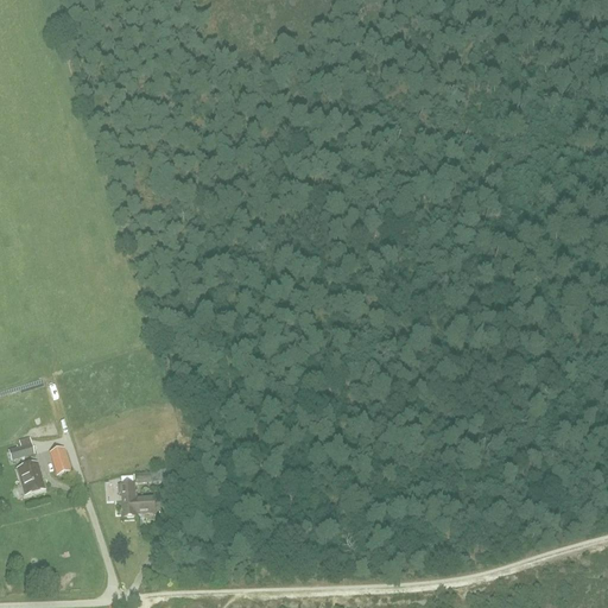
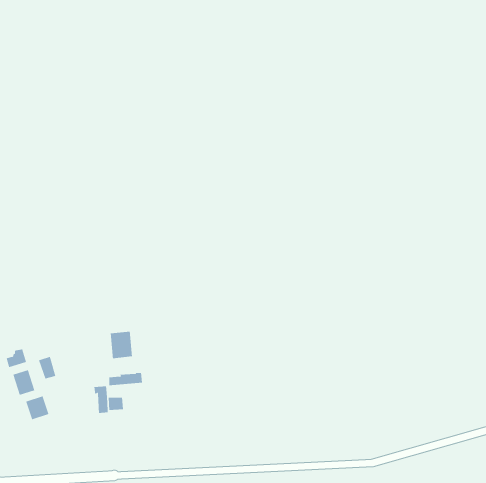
building: none -> [110,331,132,359]
building: none -> [26,396,49,420]

